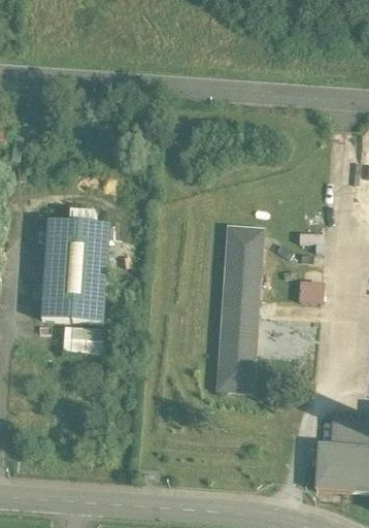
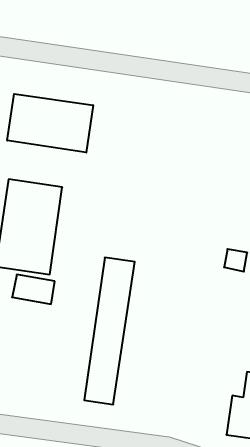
building: none -> [7,94,93,153]
building: [217,229,262,393] -> [84,258,135,404]

